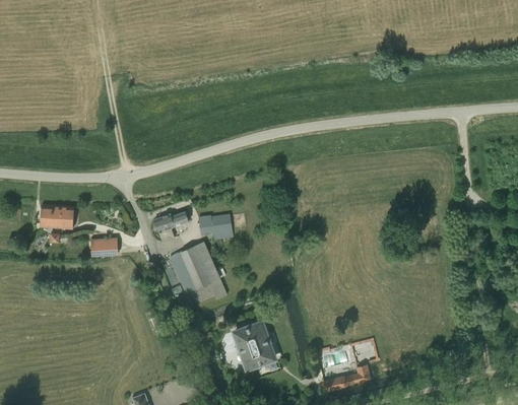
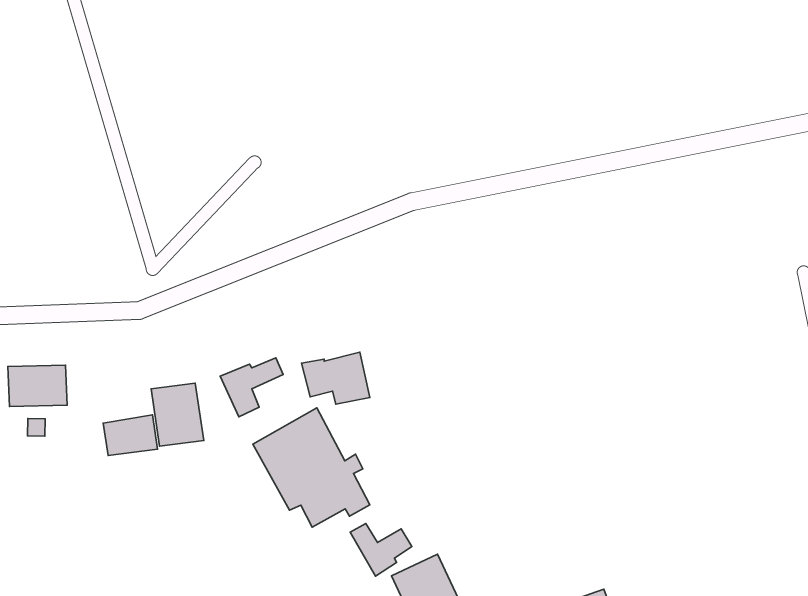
building: none -> [151,383,204,446]
building: none -> [350,523,412,576]

